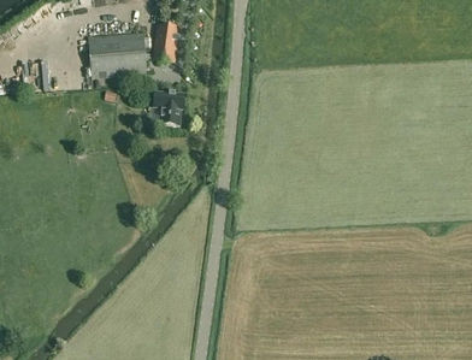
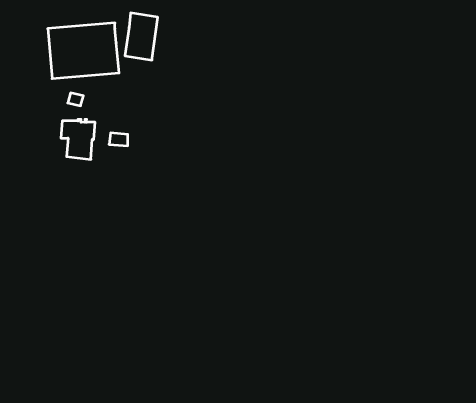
building: [154,92,183,125] -> [61,119,95,159]

